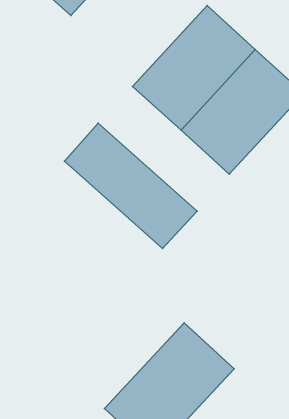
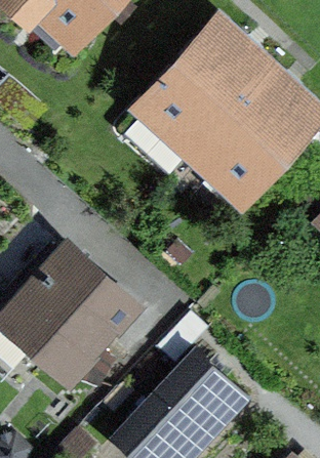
building: [64,123,197,249] -> none
building: none -> [11,258,133,381]

